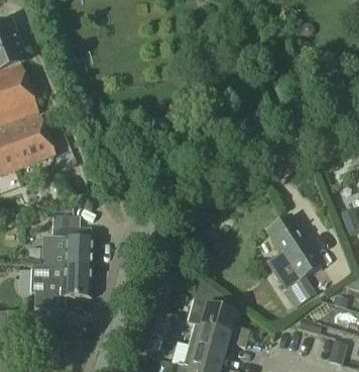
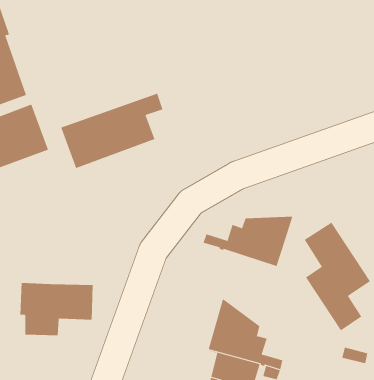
building: none -> [61,93,163,169]
building: none -> [203,216,293,267]
building: [42,214,94,267] -> none

